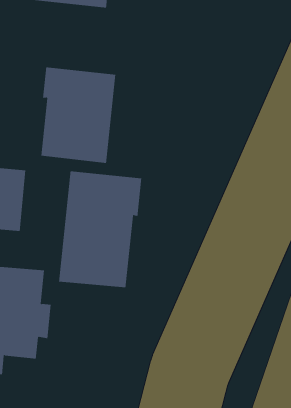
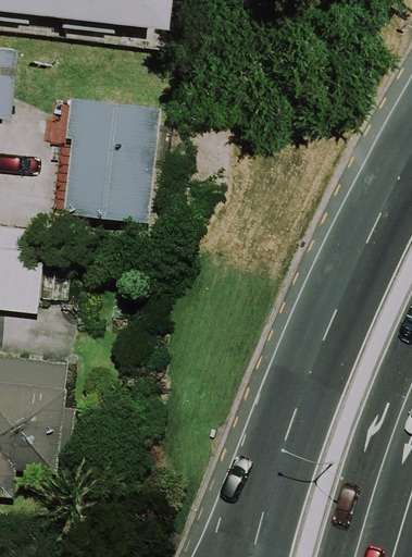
building: [59,171,142,288] -> none

